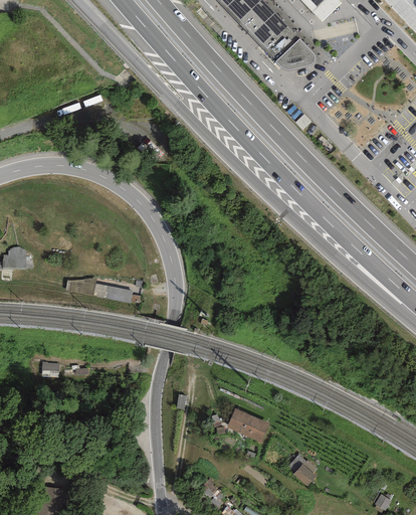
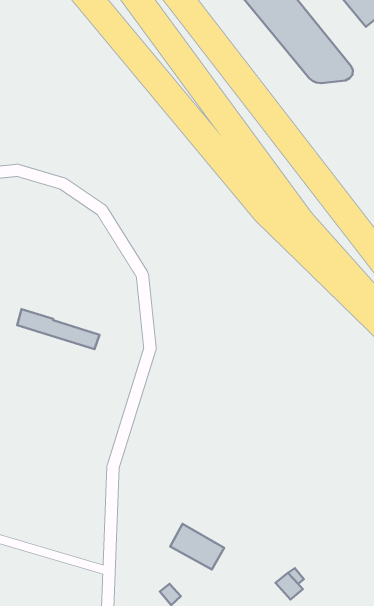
building: [227,407,270,442] -> [170,524,224,569]

